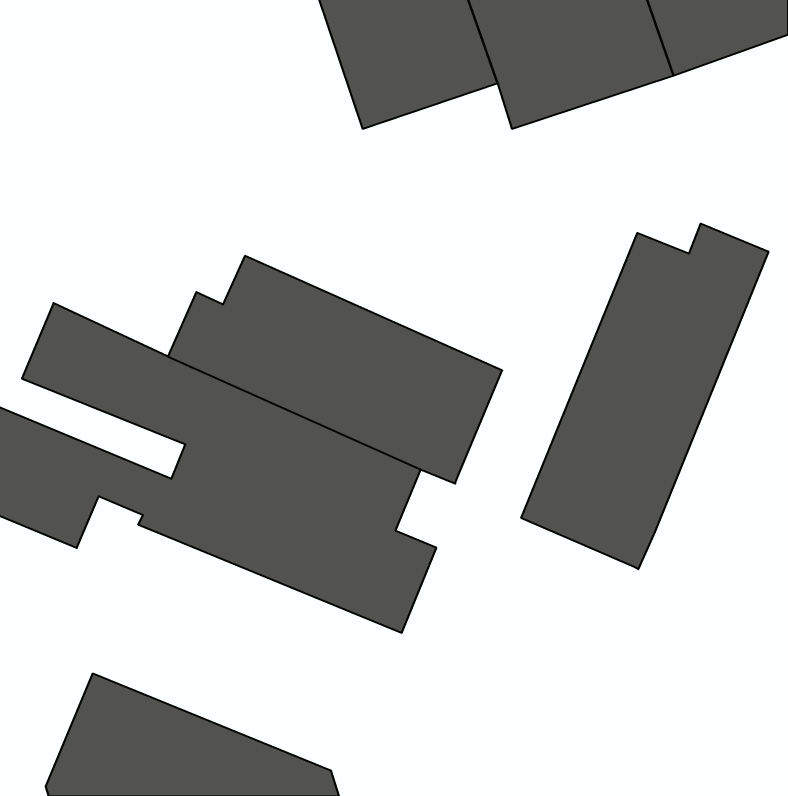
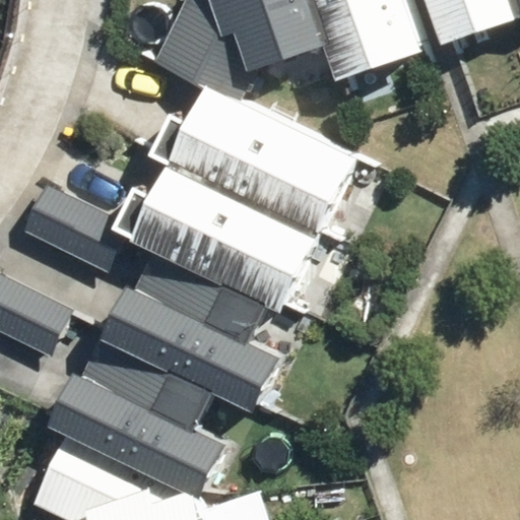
building: none -> [140,84,362,240]
building: [521,224,768,569] -> none
building: none -> [52,339,241,501]

